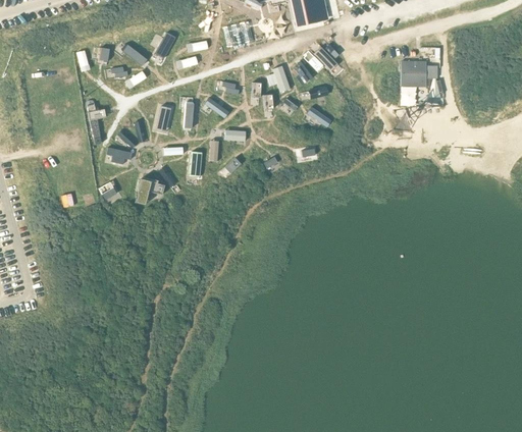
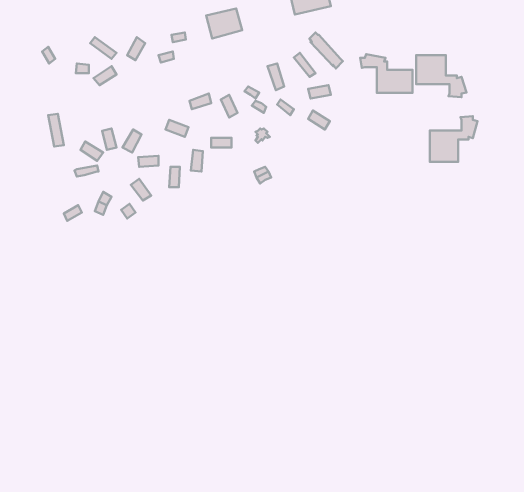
building: none -> [360,54,412,93]
building: none -> [430,116,478,162]

